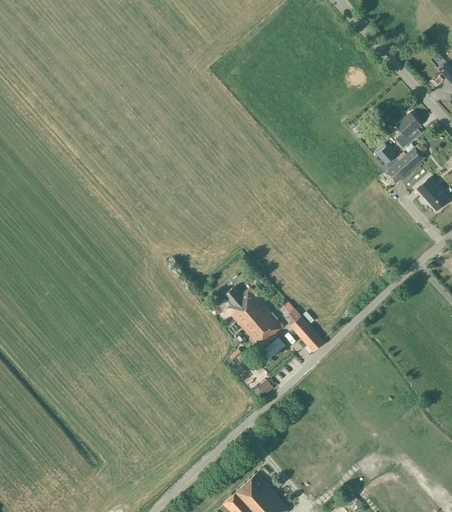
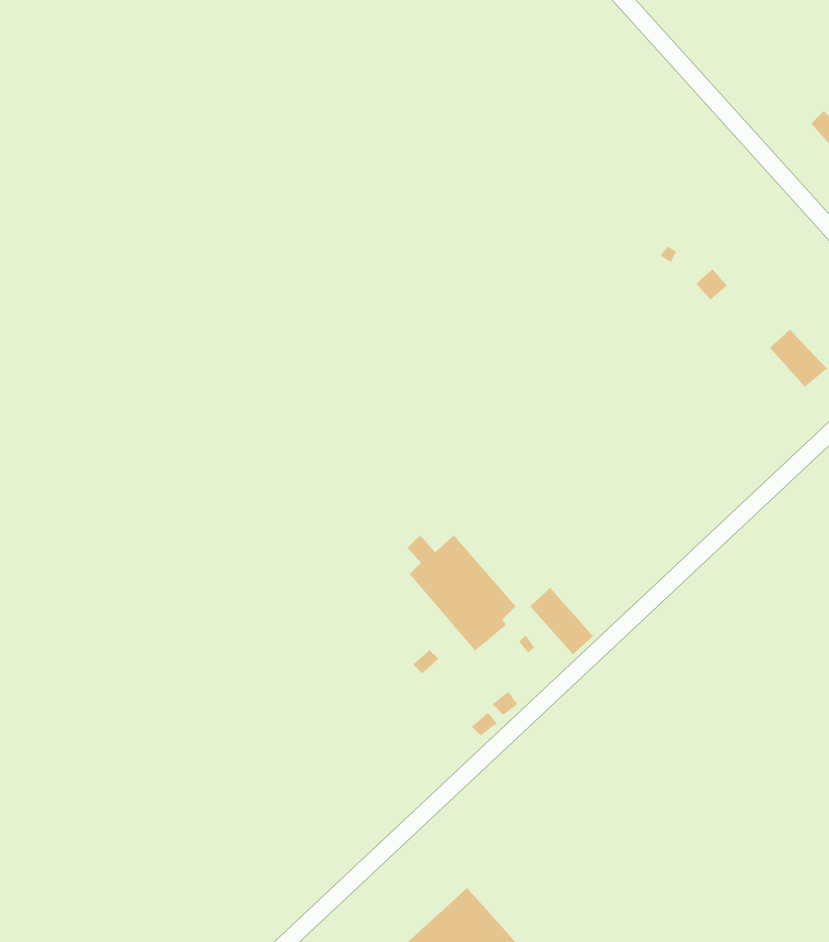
building: [395,112,421,148] -> none
building: [384,145,425,183] -> none

